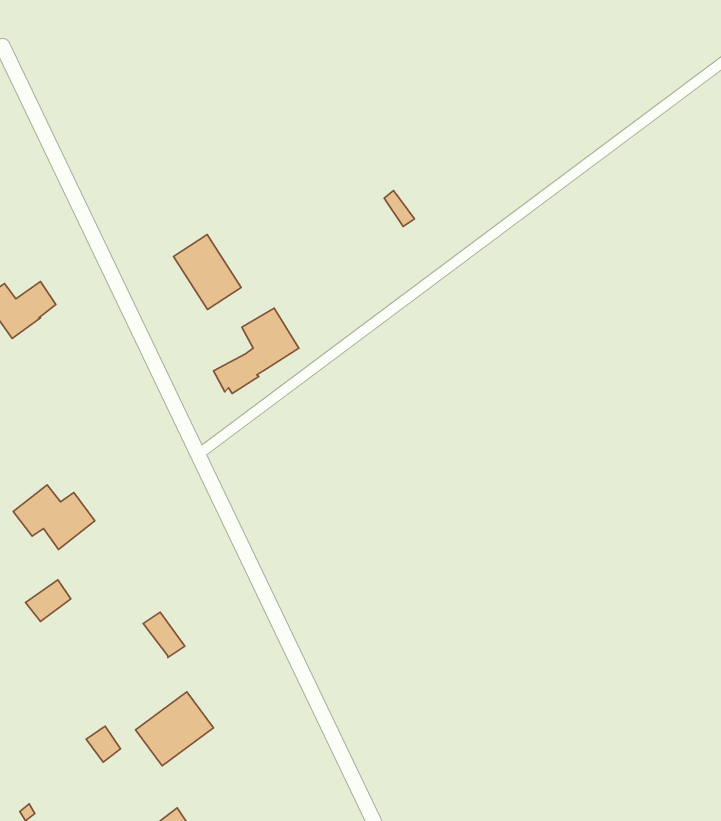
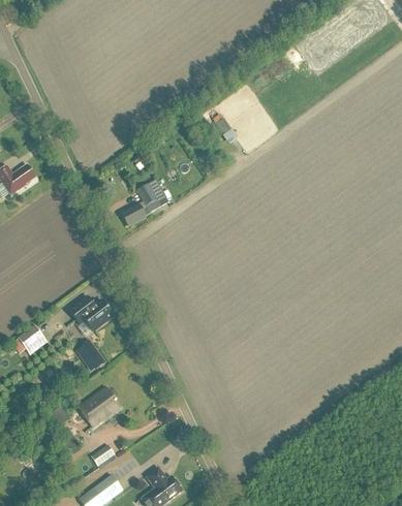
building: [173,235,241,309] -> none
building: [13,485,95,549] -> [69,295,114,330]

